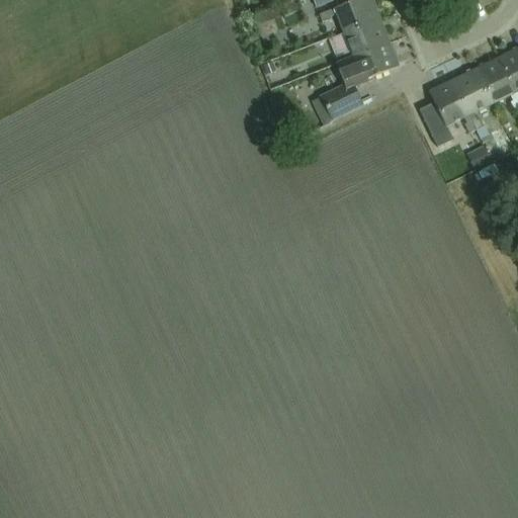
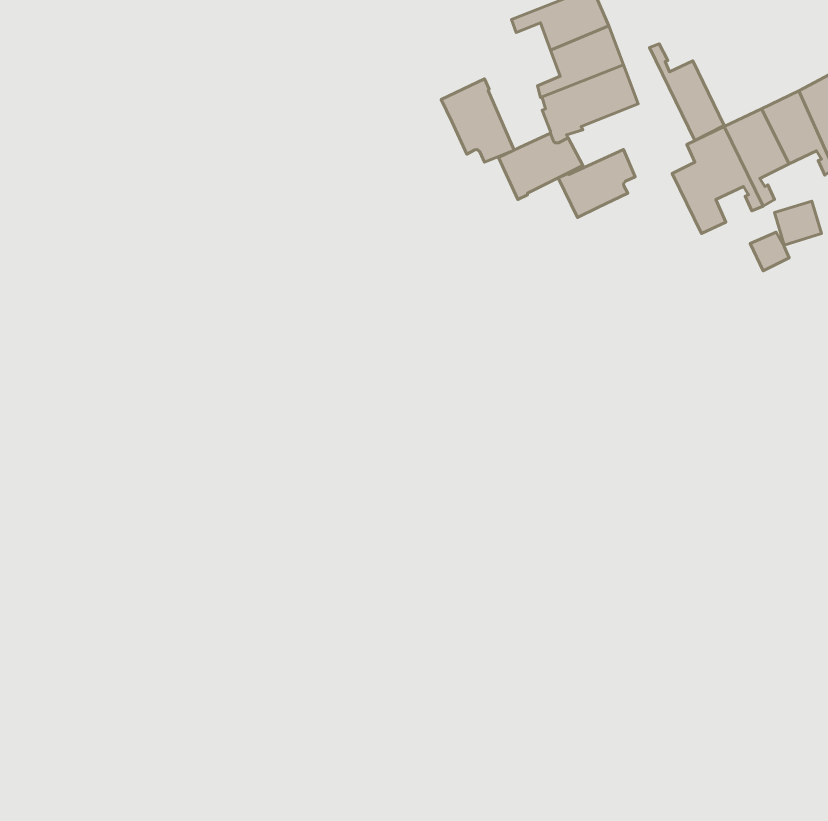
building: none -> [649,44,724,140]
building: none -> [441,79,514,162]
building: none -> [558,150,635,217]

